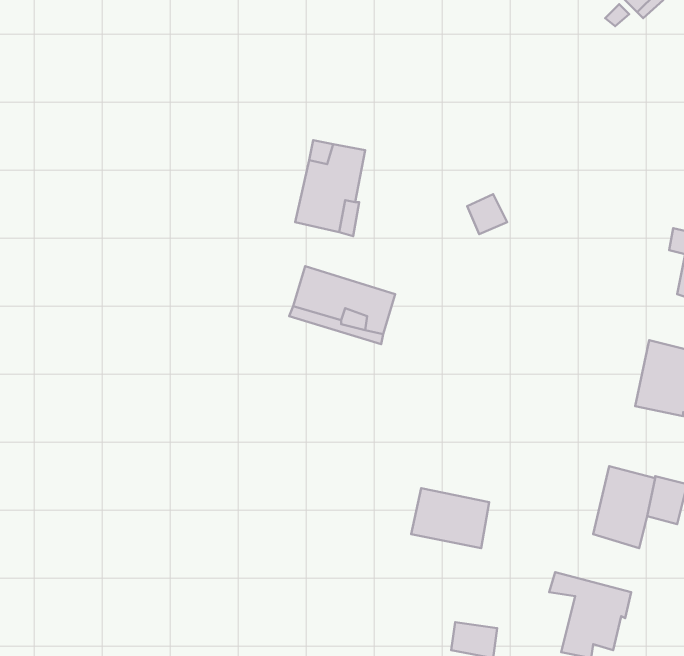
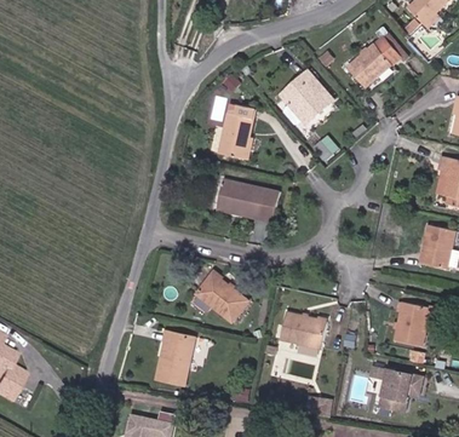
building: none -> [346,34,403,87]
building: none -> [283,75,331,122]
building: none -> [193,274,243,323]
building: none -> [162,333,191,385]

